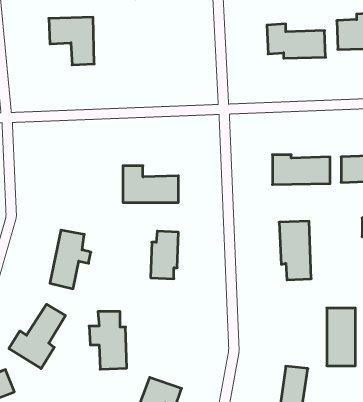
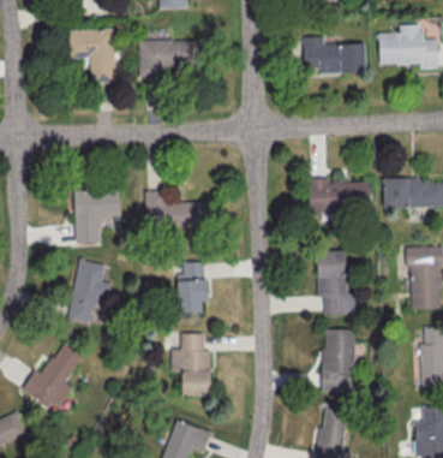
building: none -> [138,38,202,73]
building: none -> [74,188,120,243]
building: [327,308,355,366] -> [323,329,354,392]
building: [89,312,127,369] -> [170,333,211,395]

